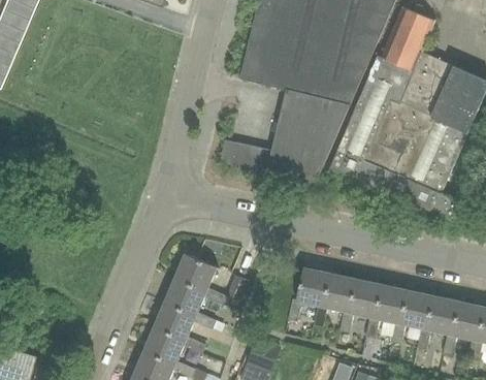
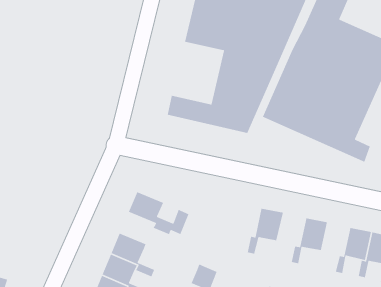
building: [288,266,330,322] -> none
building: [164,278,217,328] -> none
building: [339,278,383,332] -> none
building: [391,289,434,344] -> none

